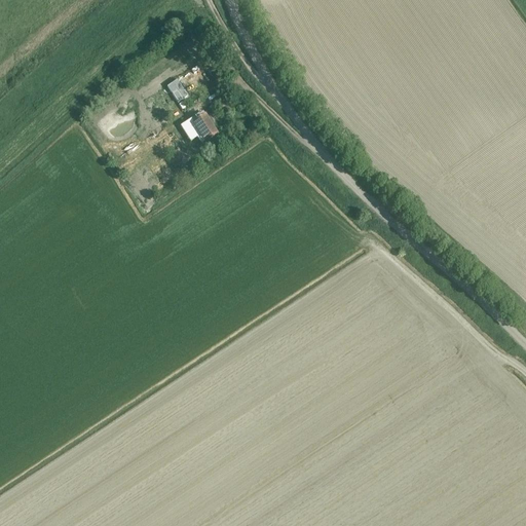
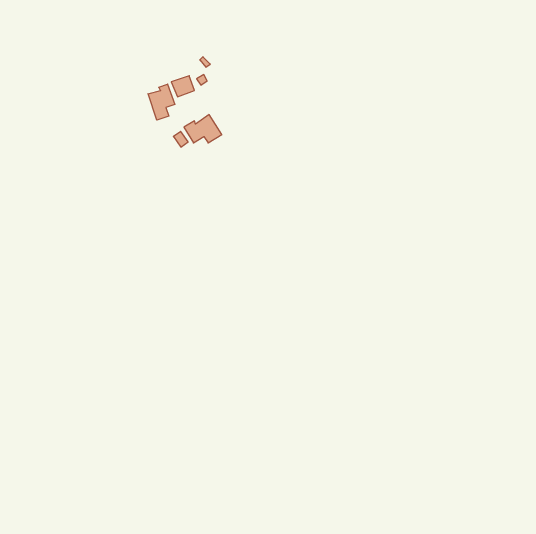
building: none -> [148,84,175,120]

